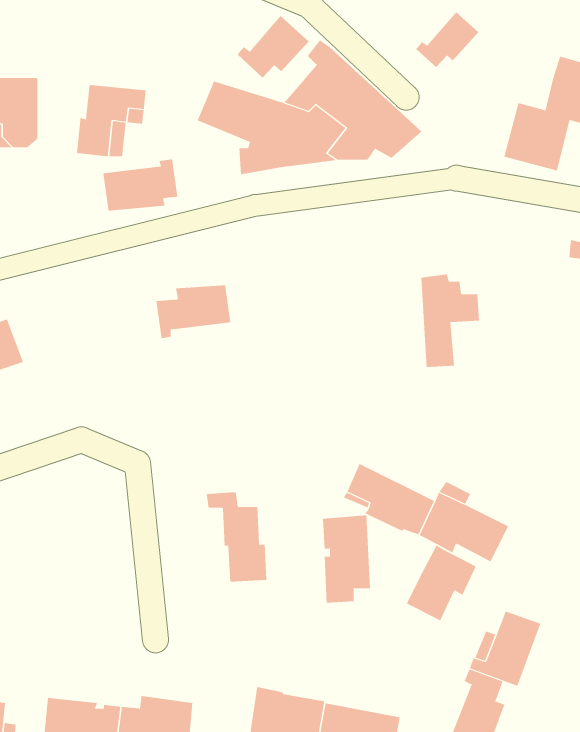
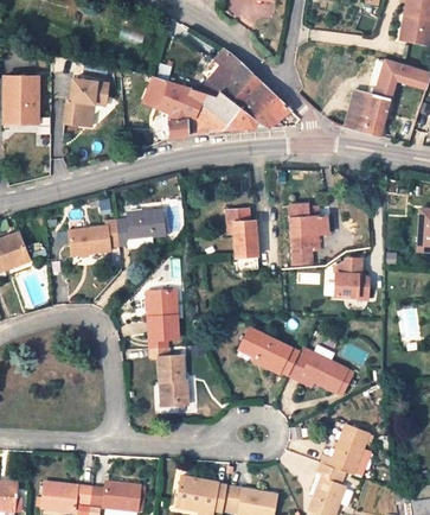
building: [416,12,479,68] -> none
building: [237,15,309,78] -> none
building: [103,159,178,211] -> [70,221,120,255]
building: none -> [227,209,259,269]
building: none -> [335,259,370,297]
building: [322,515,371,603] -> [147,290,179,348]
building: [406,545,477,621] -> none

